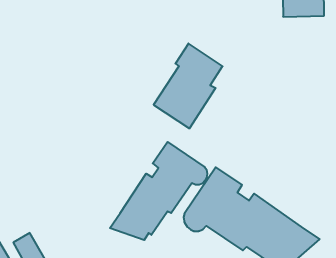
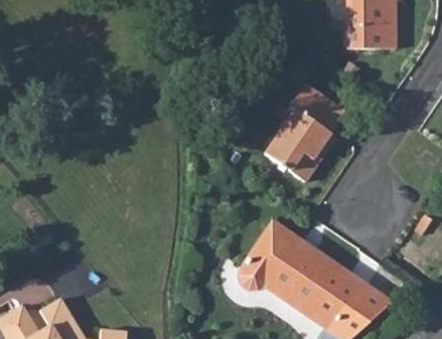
building: [154,43,223,128] -> [265,83,344,181]
building: [110,142,207,240] -> none

